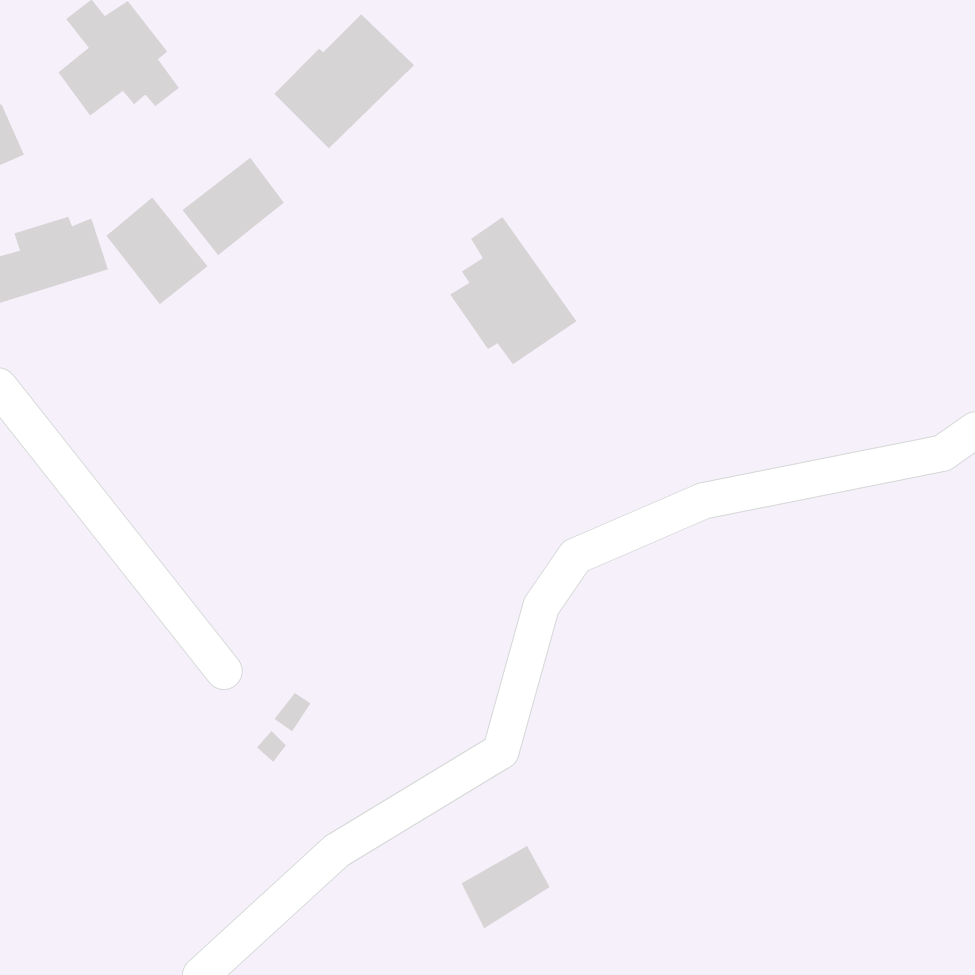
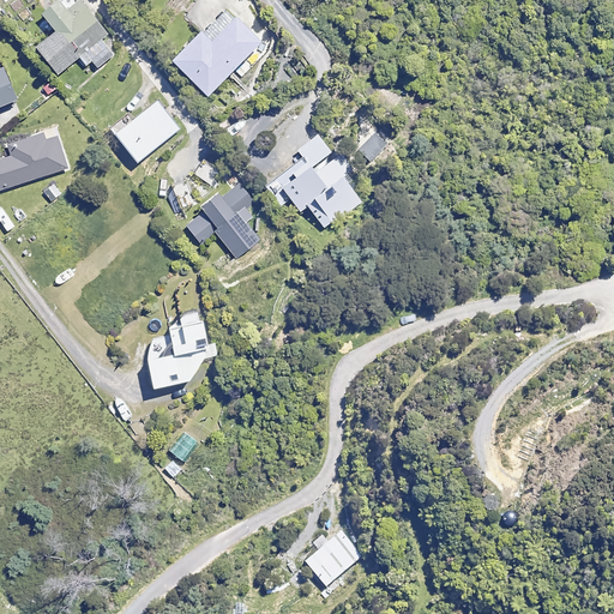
building: [105,197,209,305] -> none
building: none -> [185,182,258,257]
building: none -> [146,311,217,387]

